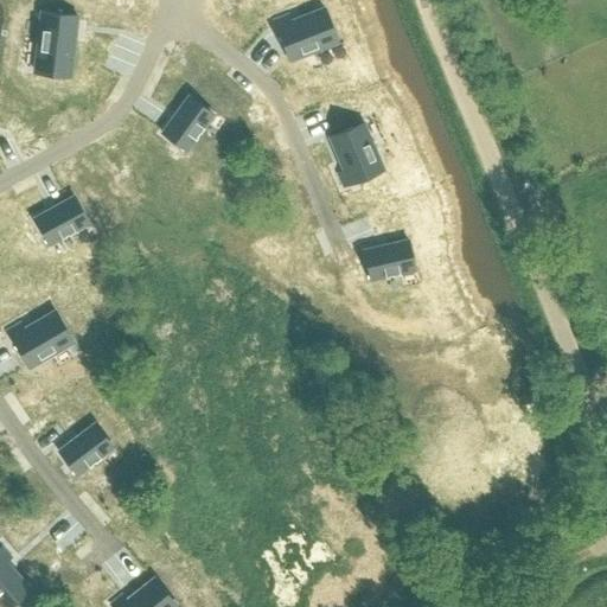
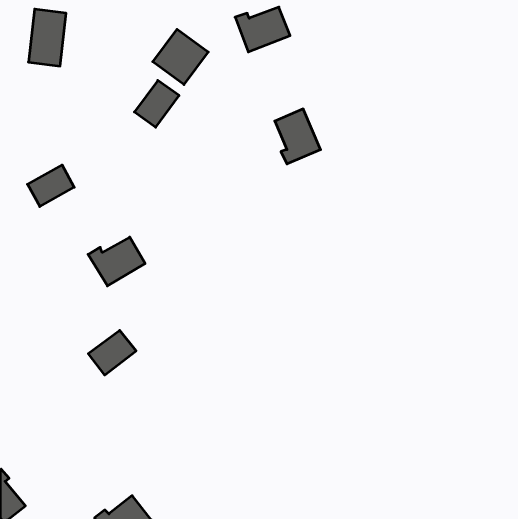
building: none -> [153,29,208,85]
building: [363,242,414,282] -> none
building: [9,312,76,369] -> [88,237,145,286]
building: [60,424,116,477] -> [88,330,136,375]

